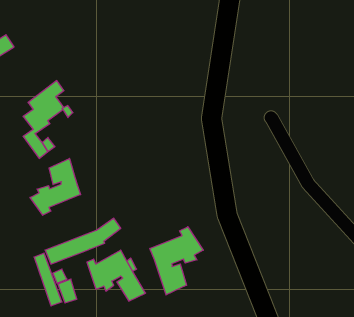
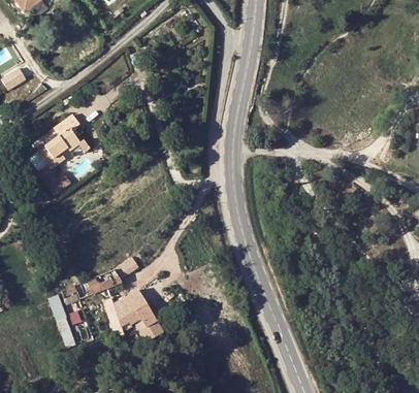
building: [30,158,81,215] -> none
building: [150,227,203,295] -> none

